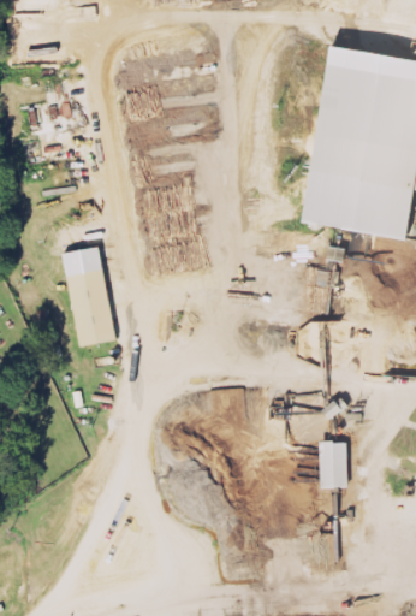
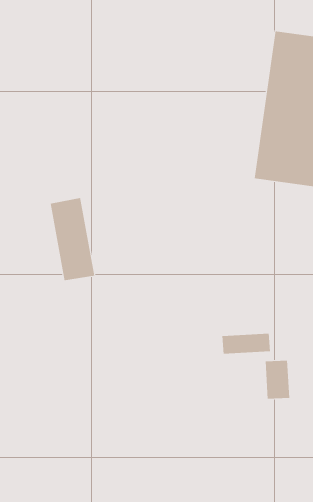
building: none -> [222,333,270,354]

